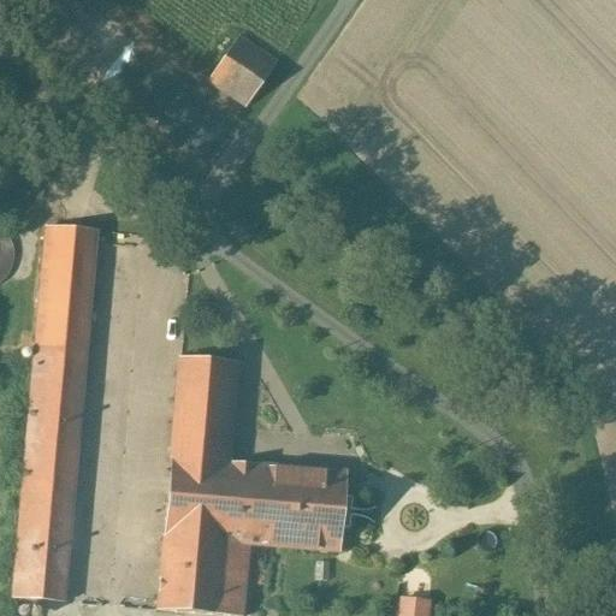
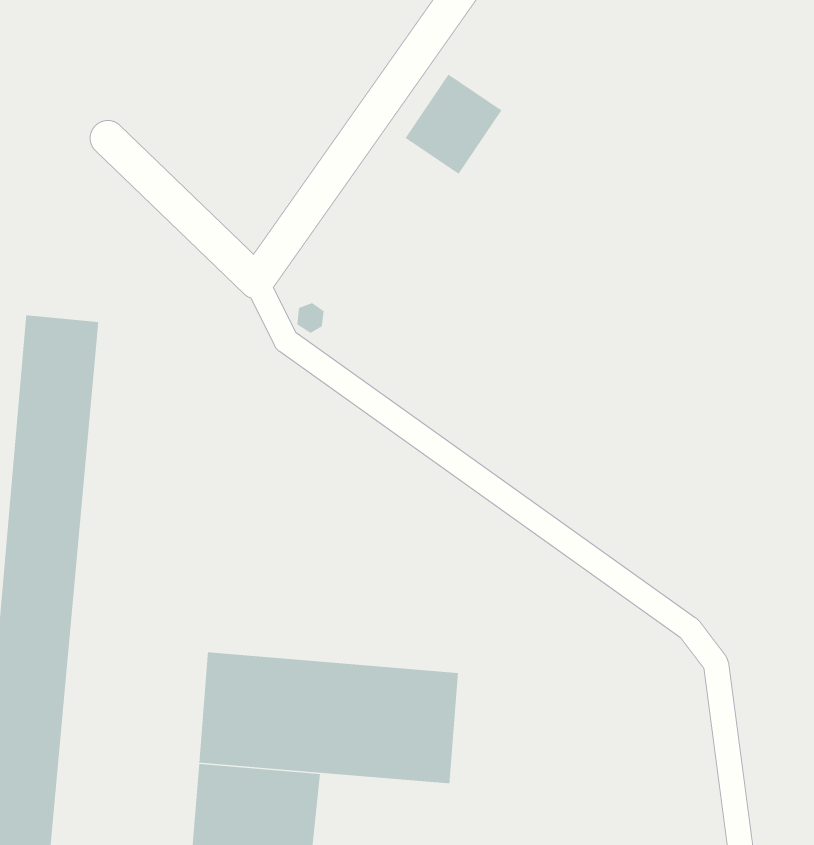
building: [211,34,278,103] -> [405,74,502,175]
building: [172,356,238,462] -> none

